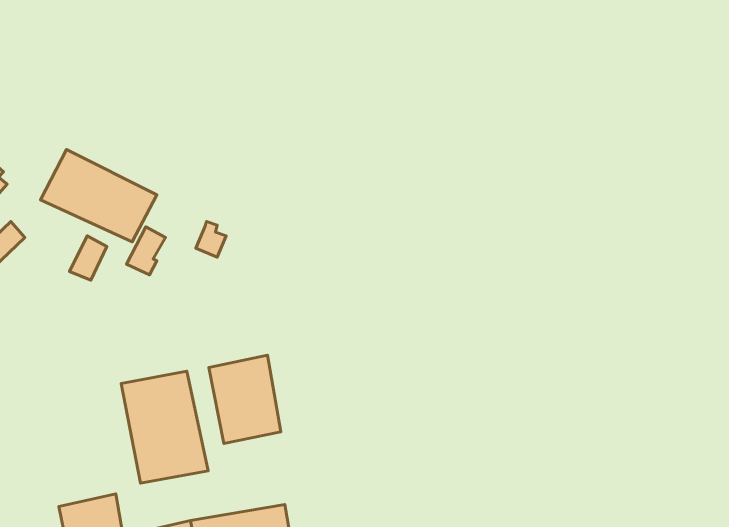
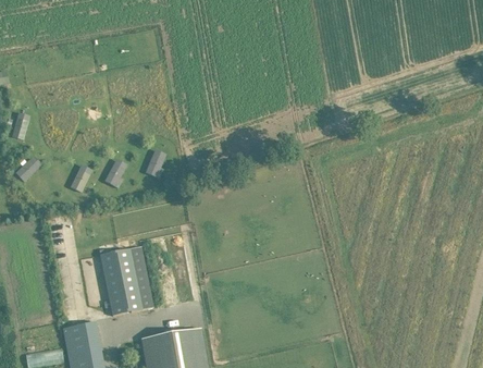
building: [41,150,157,242] -> none
building: [209,355,281,443] -> none

